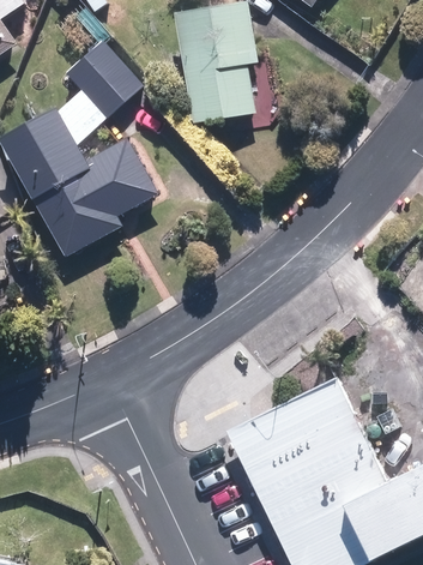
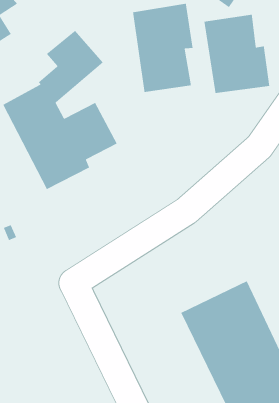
building: none -> [204,14,270,94]

